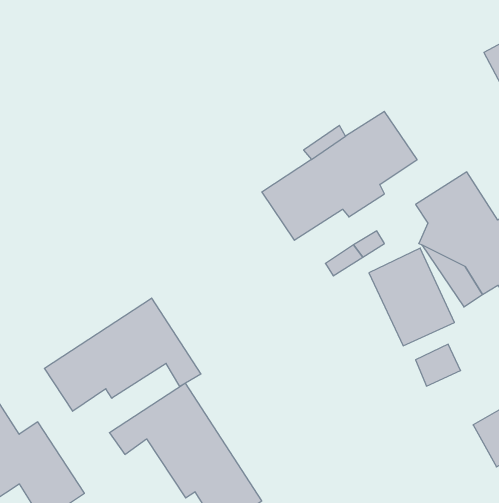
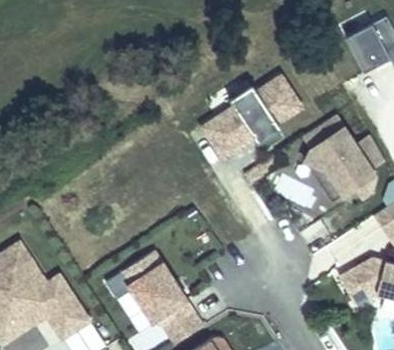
building: [44,298,201,411] -> none

